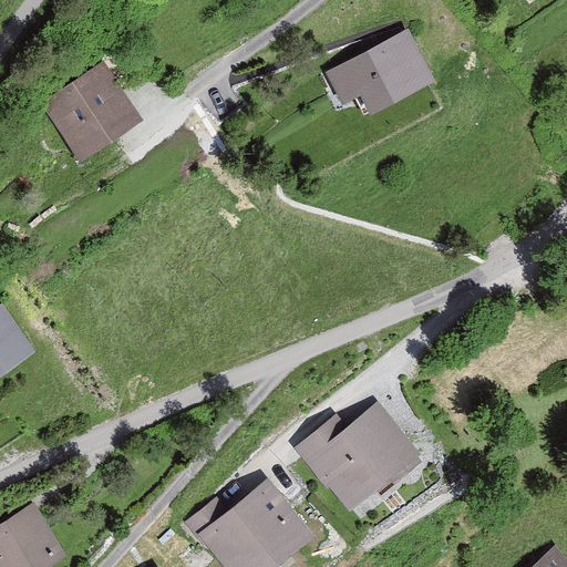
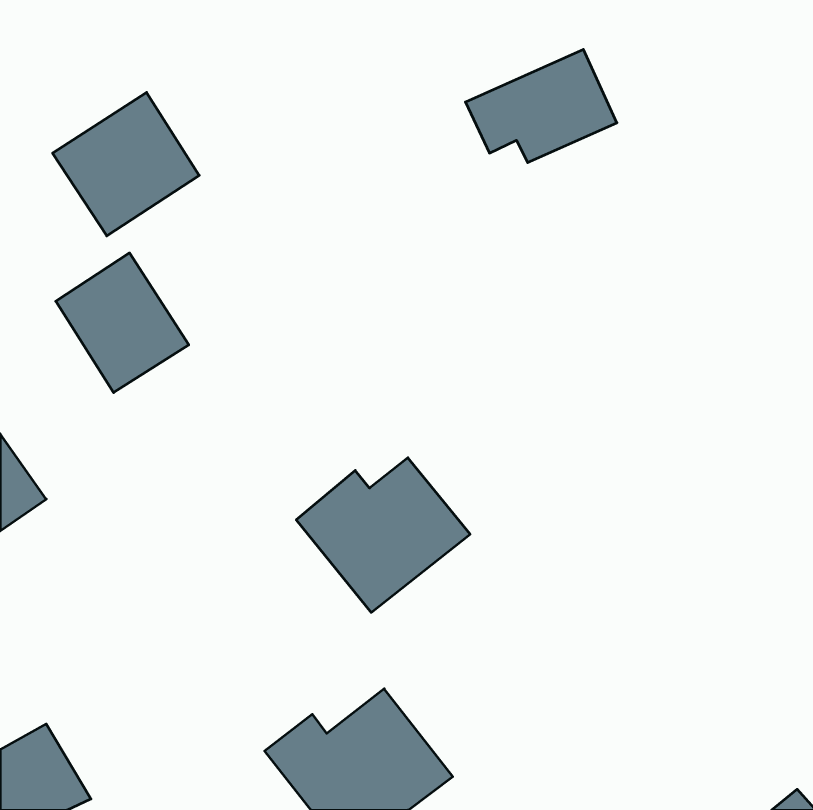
building: none -> [56,253,189,393]
building: [298,406,419,514] -> [296,458,470,612]

